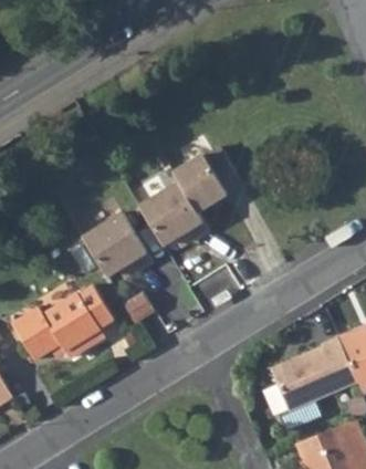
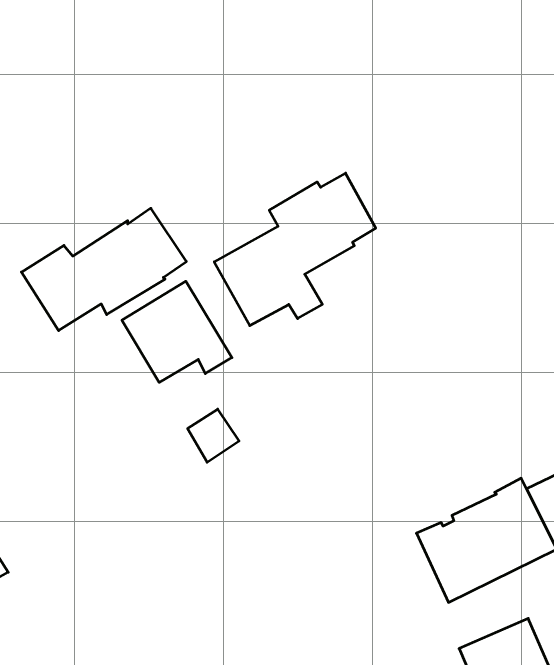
building: [13,285,116,362] -> [21,208,186,331]

